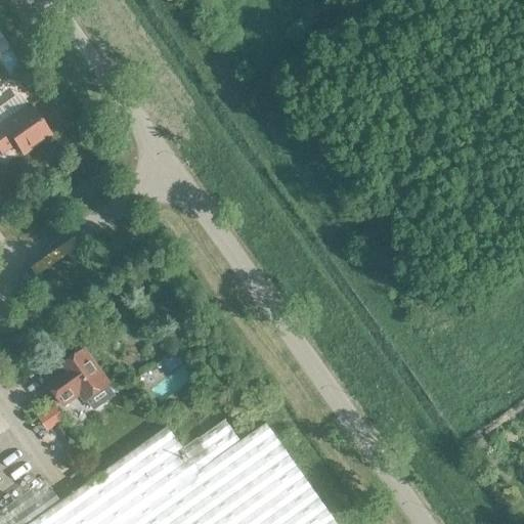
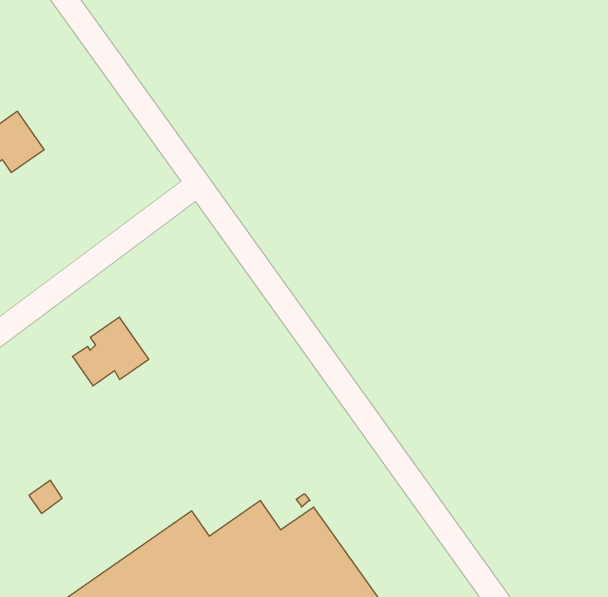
building: [49,354,111,409] -> [72,317,149,386]

